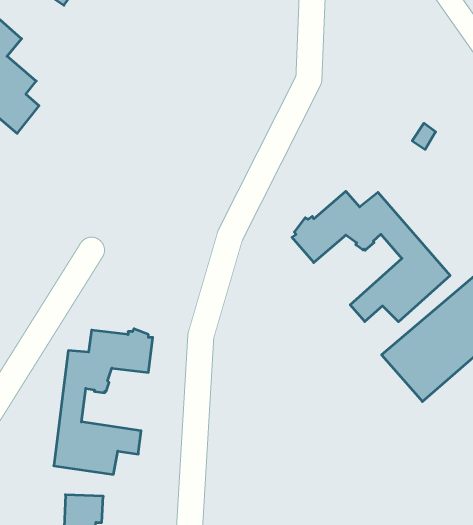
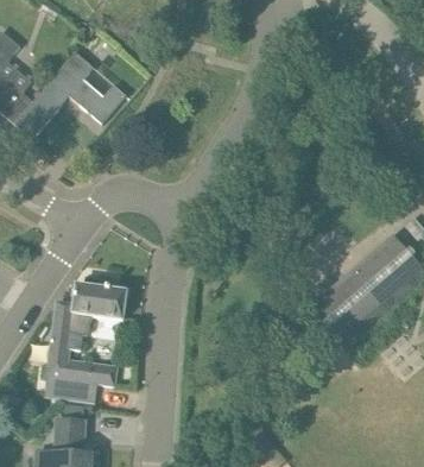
building: none -> [15,51,127,138]
building: [292,191,450,322] -> none

